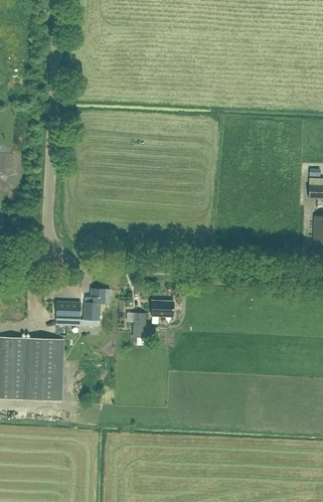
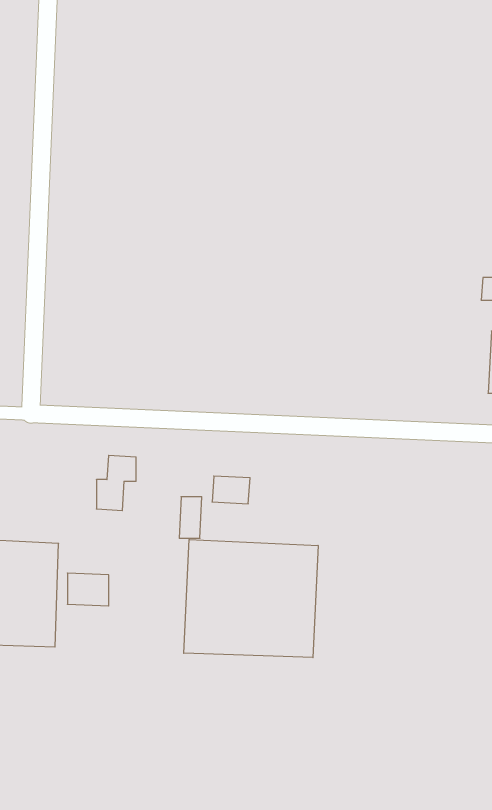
building: [55,300,79,319] -> [67,573,109,606]
building: none -> [184,539,318,658]

